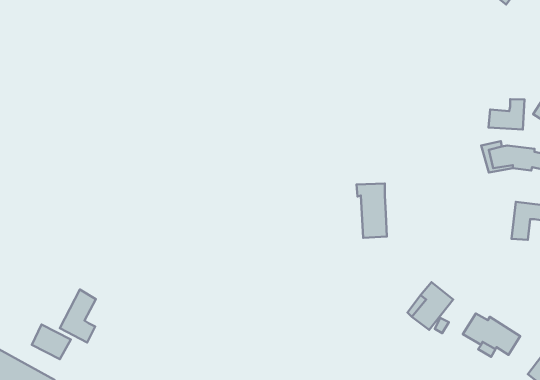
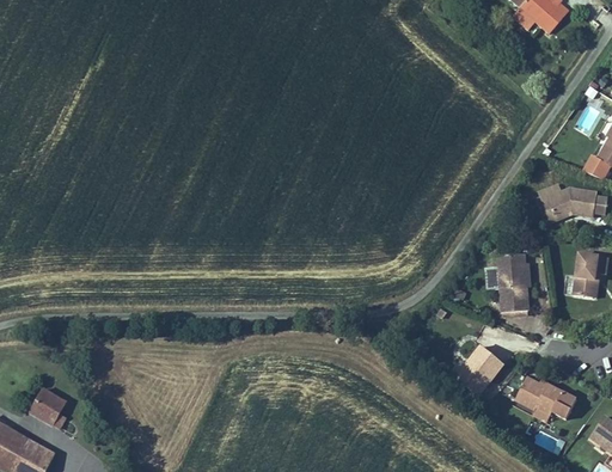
building: [488,99,524,130] -> none
building: [357,184,387,238] -> [494,253,527,313]
building: [60,290,96,343] -> none

